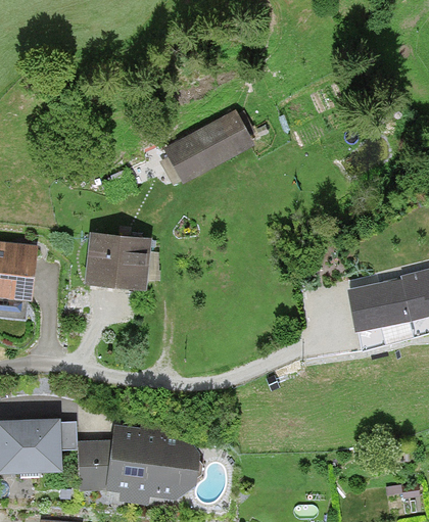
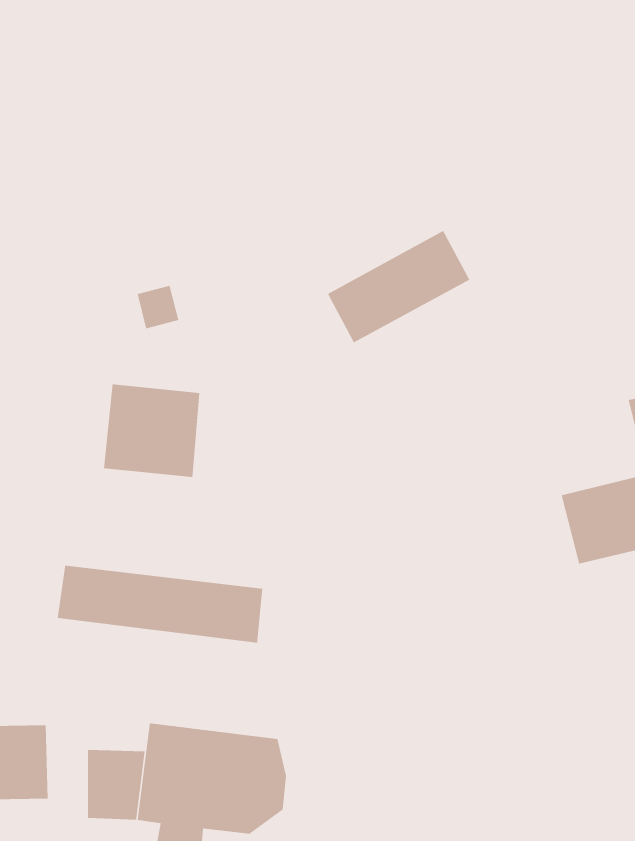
building: [166,113,249,179] -> [327,230,470,343]
building: none -> [57,565,263,643]

